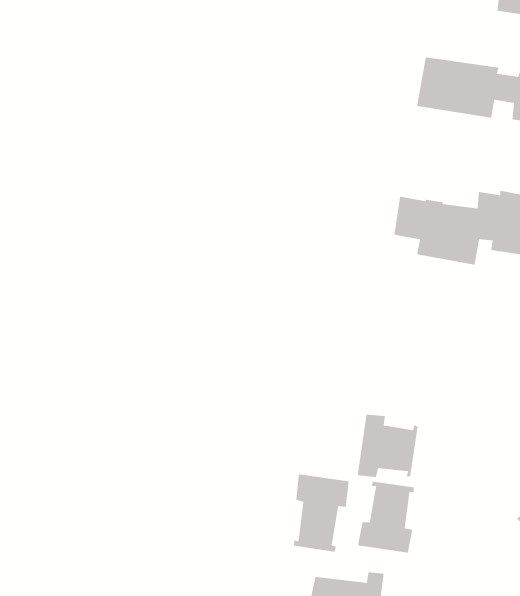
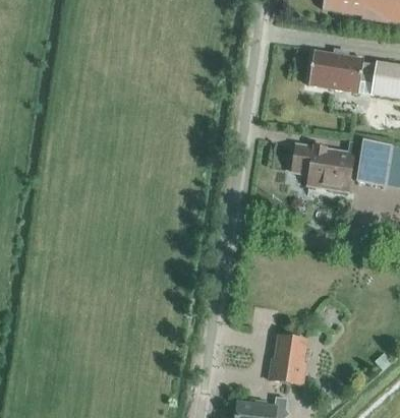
building: [357,414,418,478] -> none
building: [293,473,349,552] -> none

